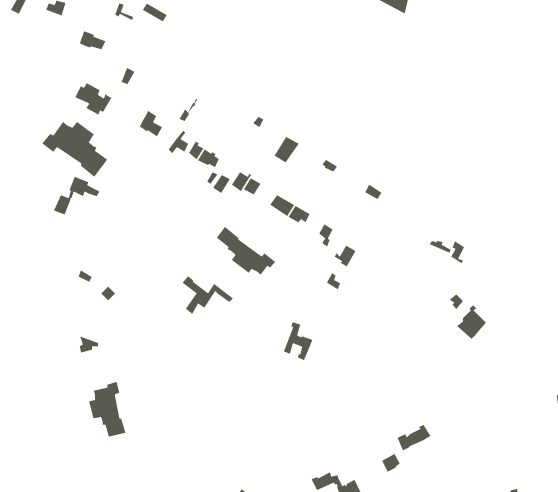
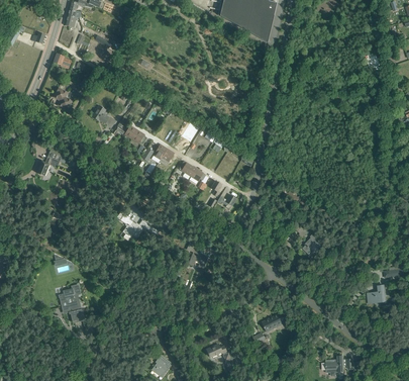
building: [41,121,108,178] -> none
building: [216,226,276,276] -> none

